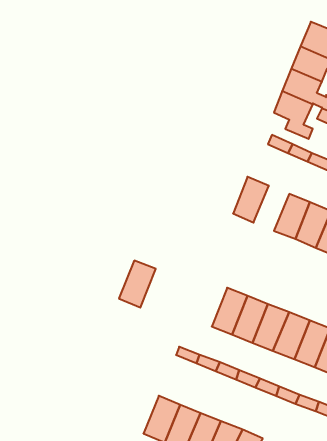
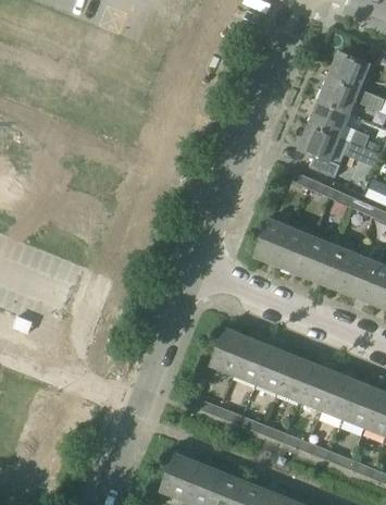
building: none -> [276,226,314,274]
building: [119,261,156,308] -> [209,327,248,377]

